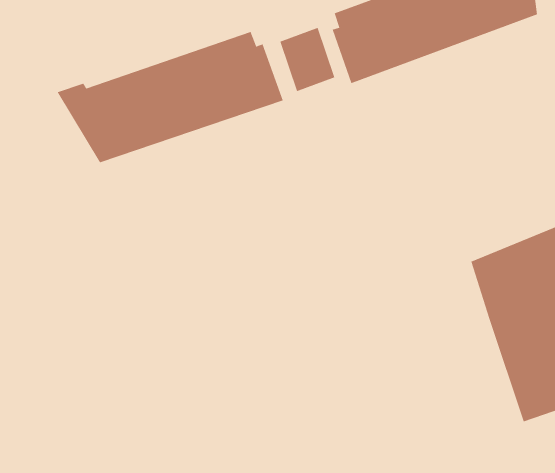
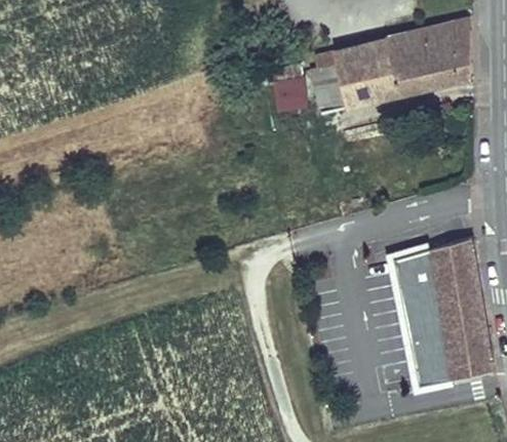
building: [57,31,283,163] -> none

